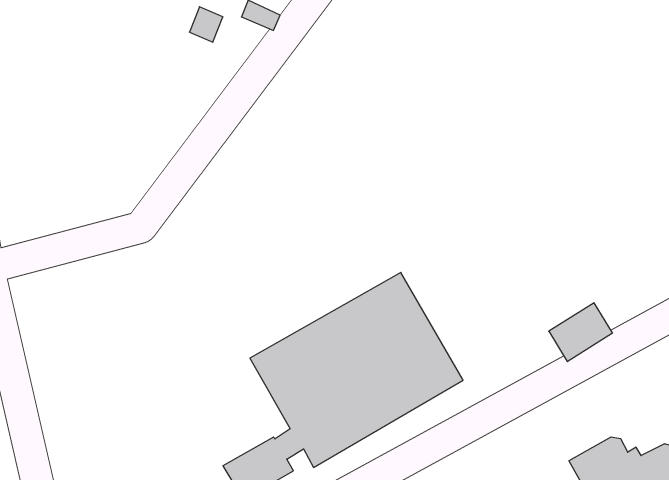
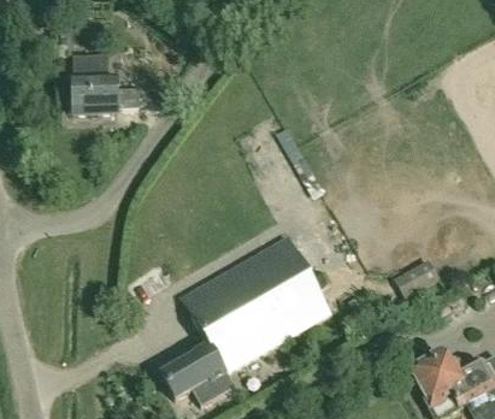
building: none -> [73,55,140,114]

